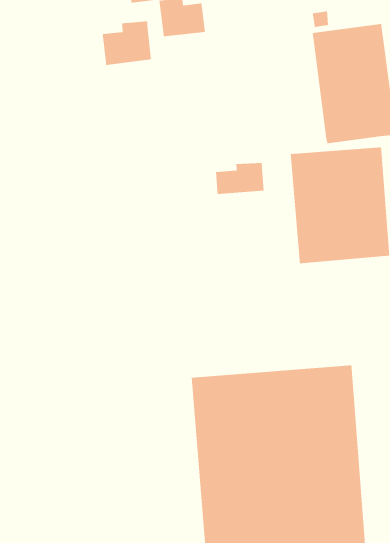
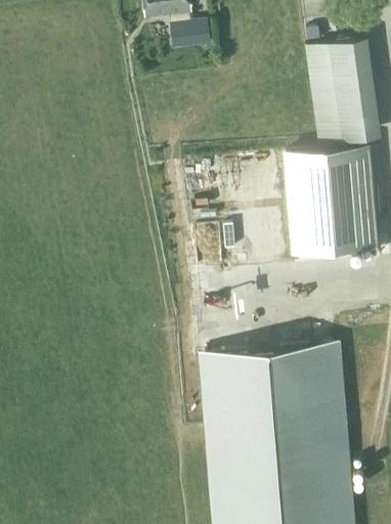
building: [102,20,152,66] -> none
building: [215,162,264,195] -> none

